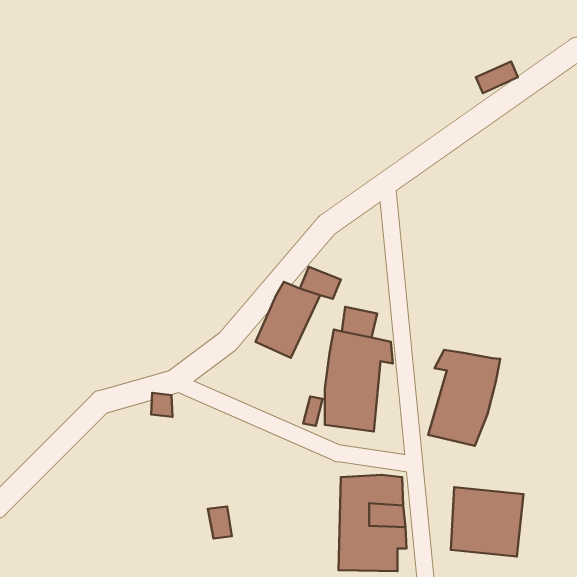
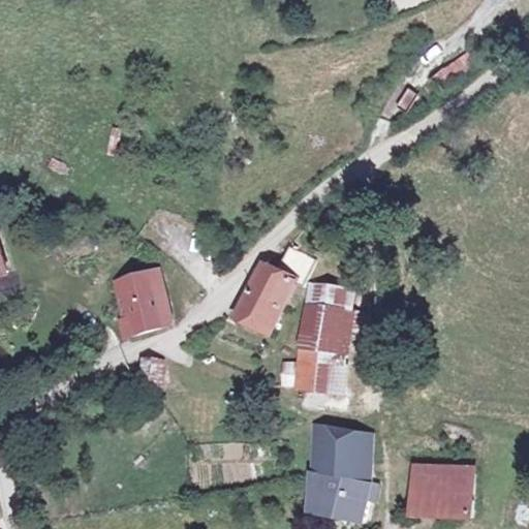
building: none -> [116,273,175,339]
building: [428,350,500,446] -> none

